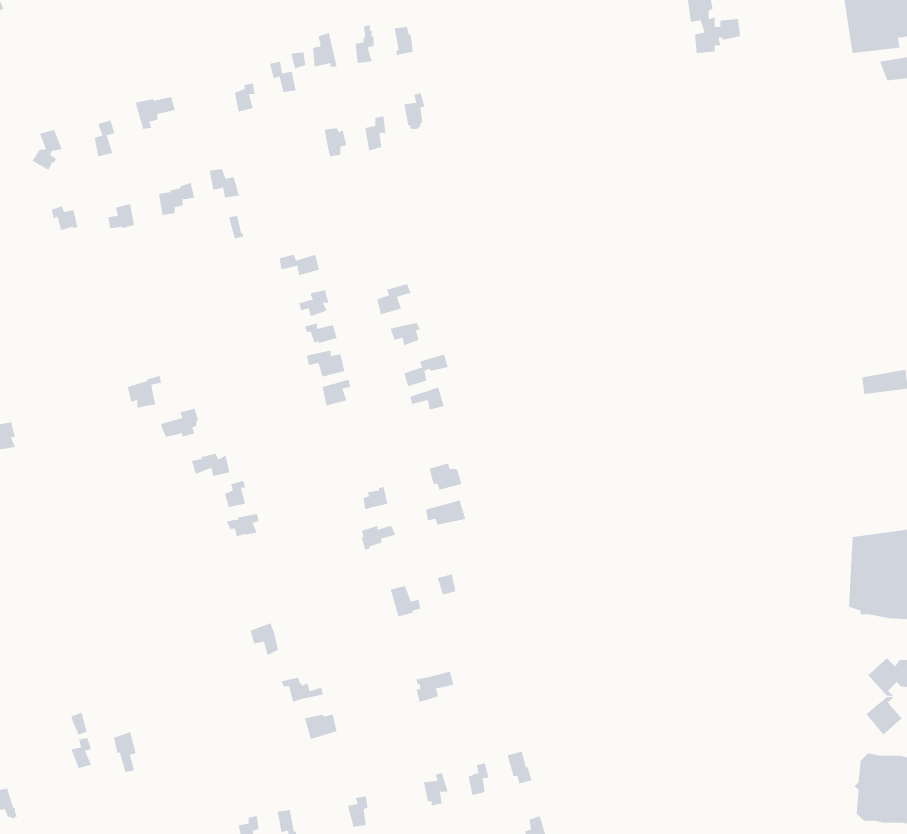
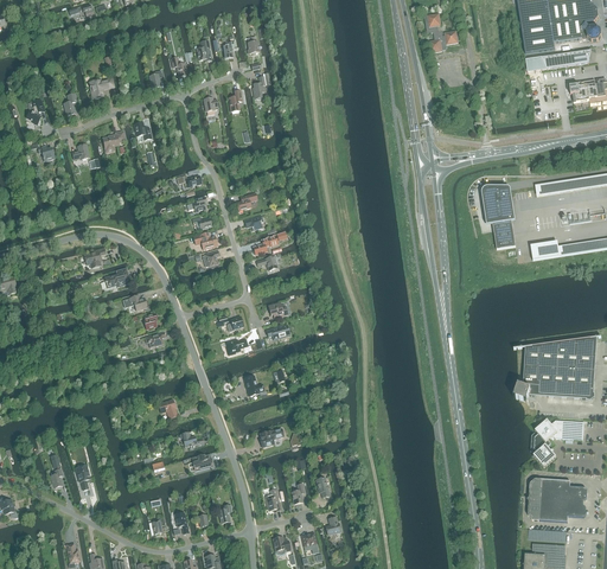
building: none -> [487,188,516,249]

